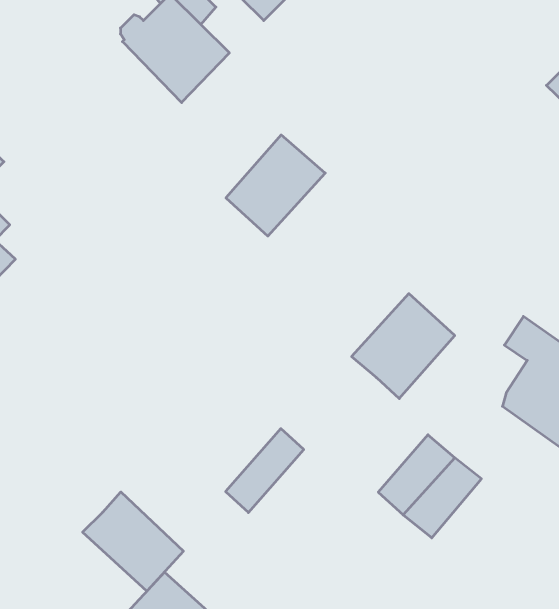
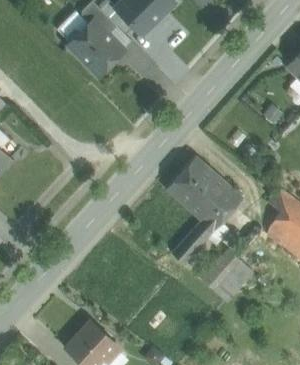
building: [226,135,325,236] -> [165,155,217,208]
building: [226,429,304,513] -> [171,219,212,263]
building: [83,492,183,591] -> none

